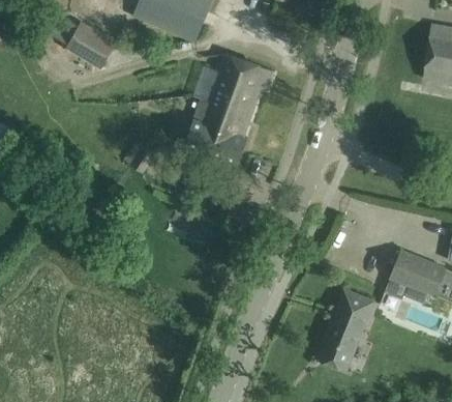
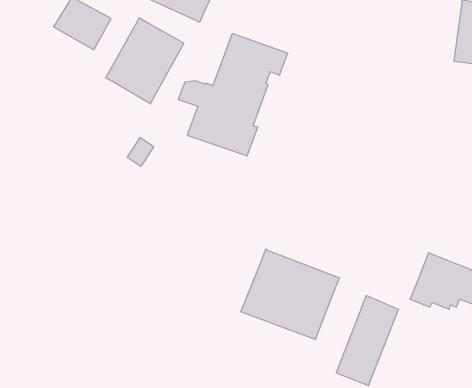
building: none -> [105,18,184,104]
building: none -> [241,249,339,340]

